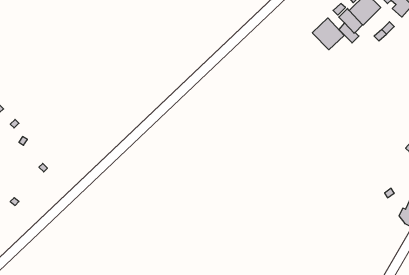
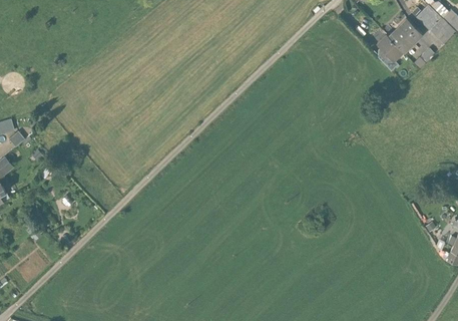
building: [313,18,344,50] -> none

